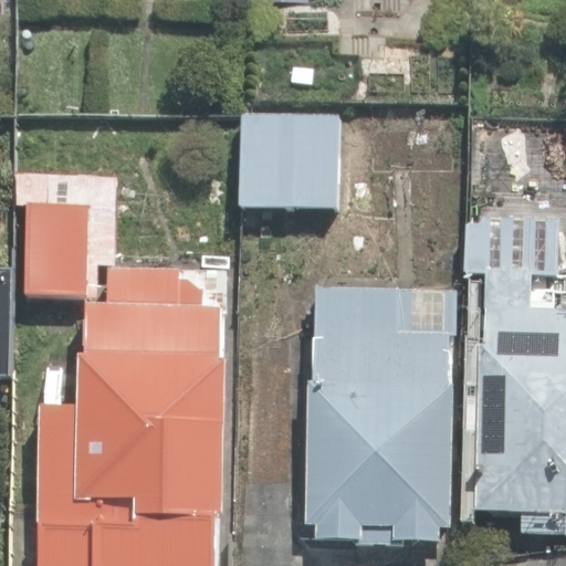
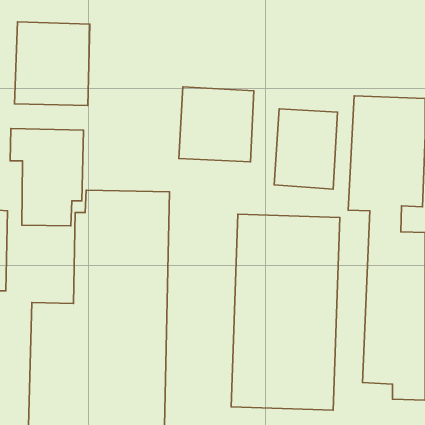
building: none -> [15,22,90,106]
building: none -> [274,109,338,189]

